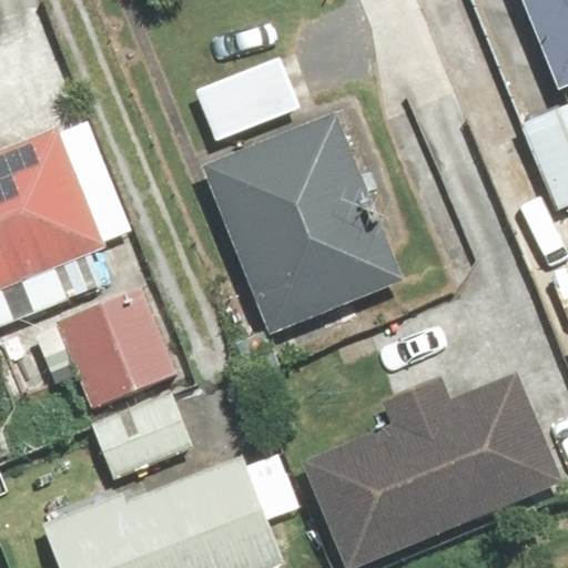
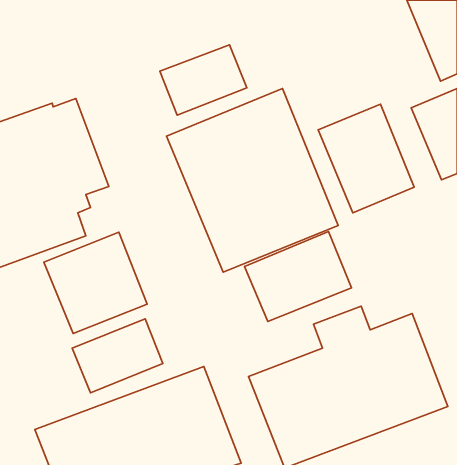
building: none -> [318,104,414,213]
building: none -> [244,231,352,322]

